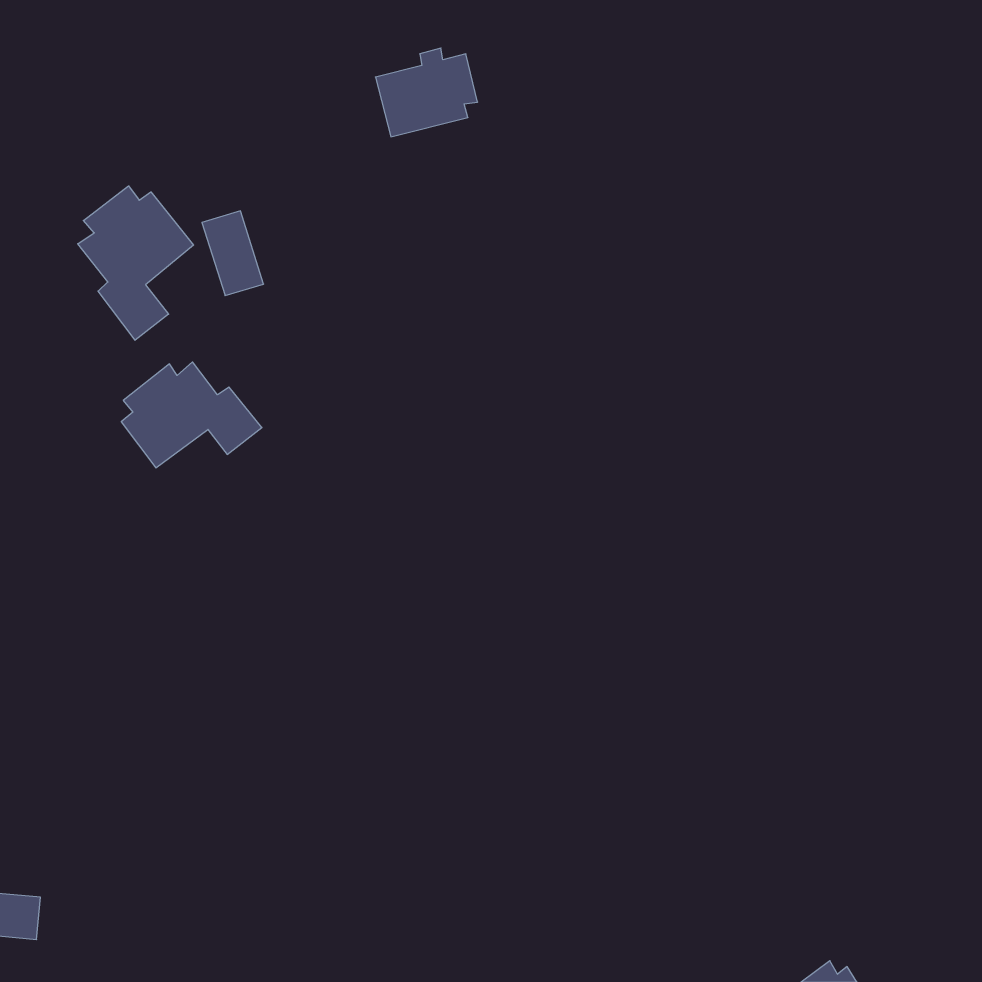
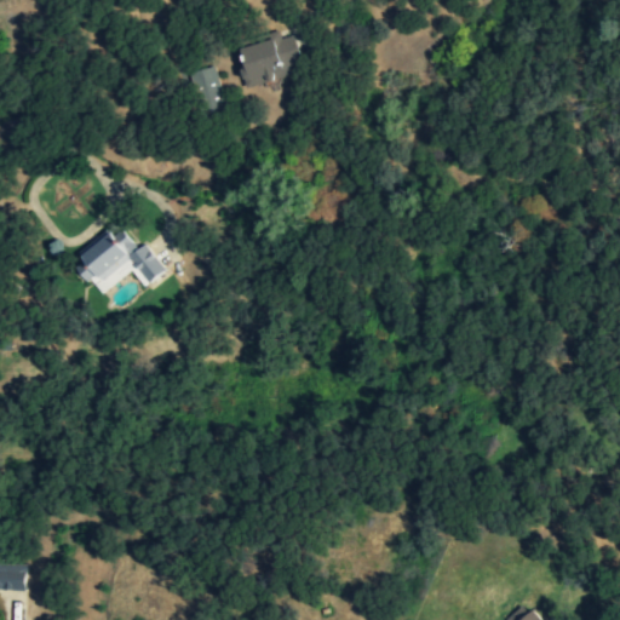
building: [78,186,194,340] -> none
building: [202,211,264,296] -> [188,64,226,117]

